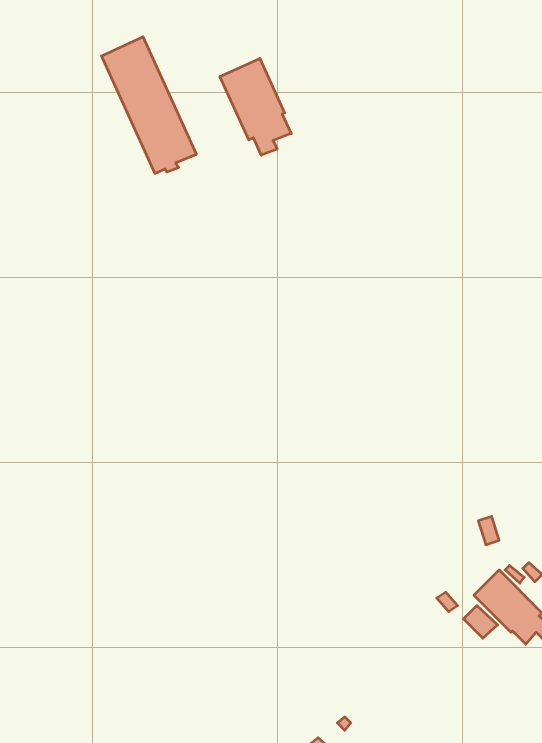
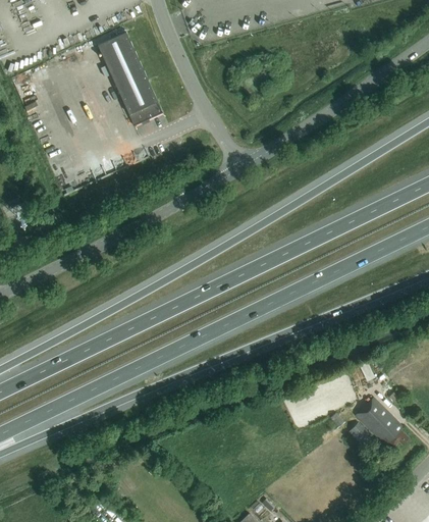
building: [220,58,291,155] -> none

